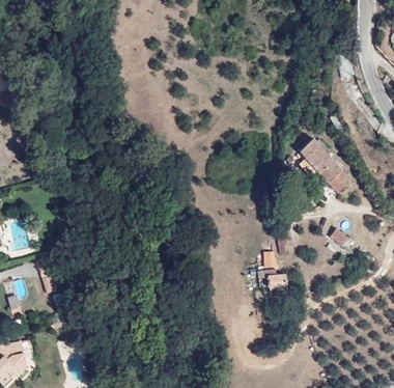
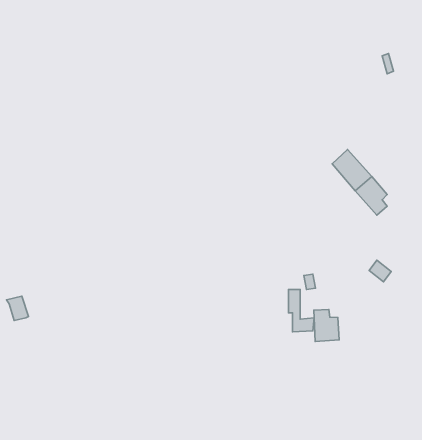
building: none -> [314,310,339,342]

